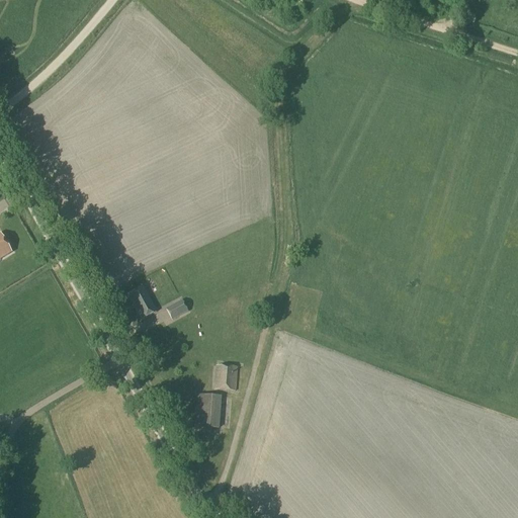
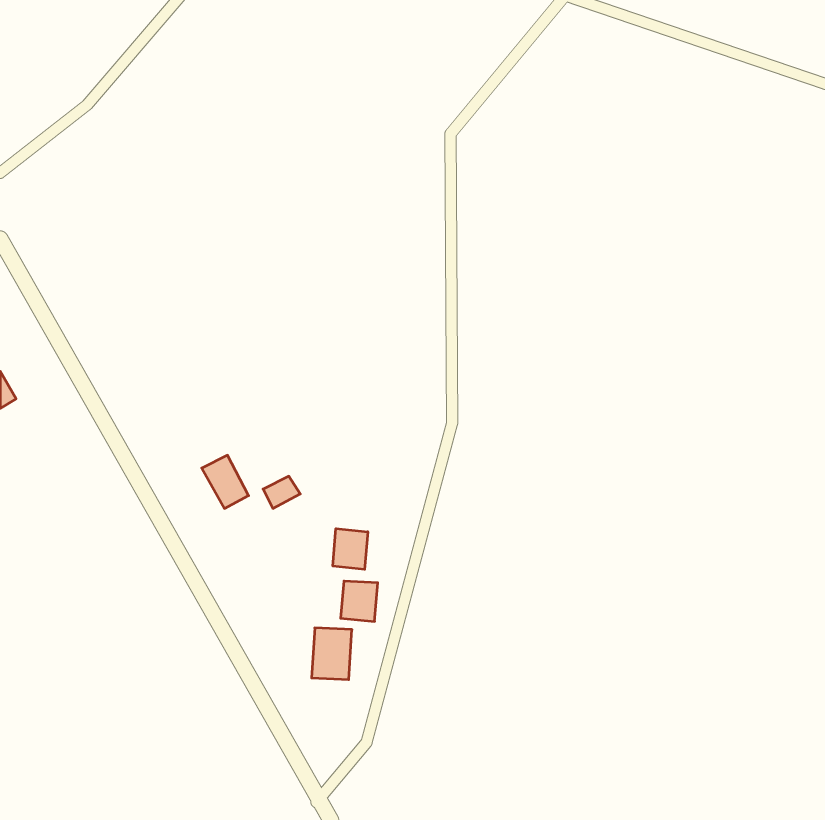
building: none -> [333,529,368,569]

